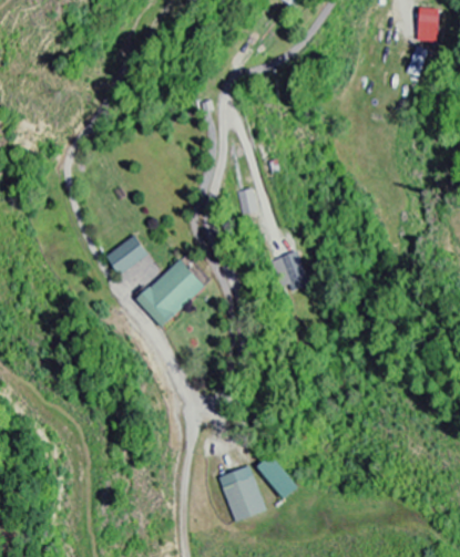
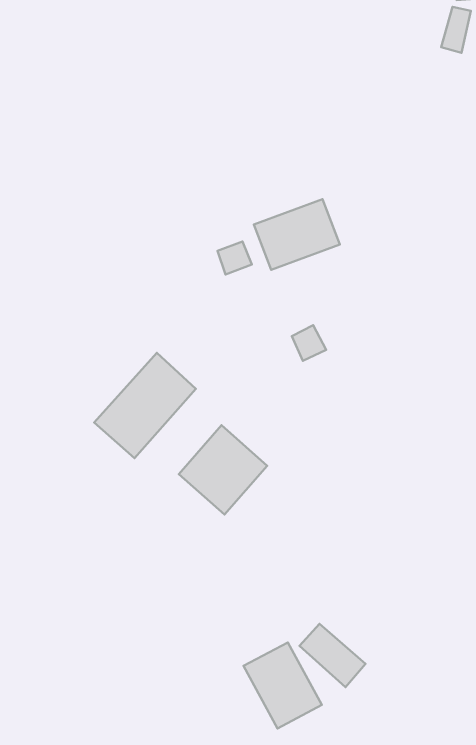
building: none -> [254,199,340,270]
building: [106,235,149,271] -> none
building: none -> [179,425,267,515]

